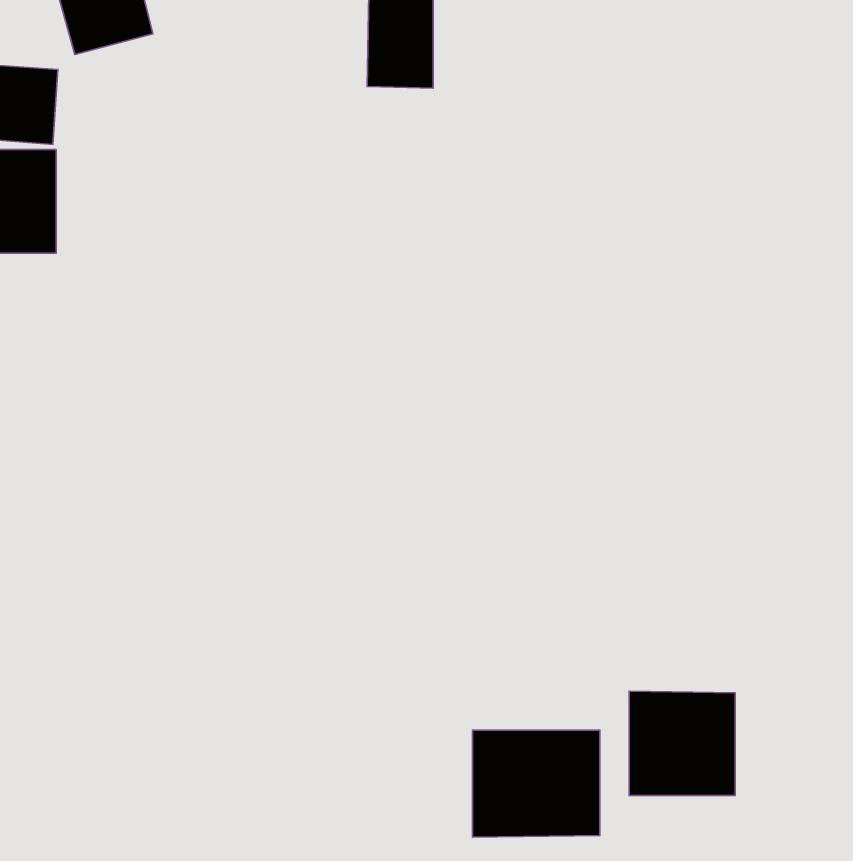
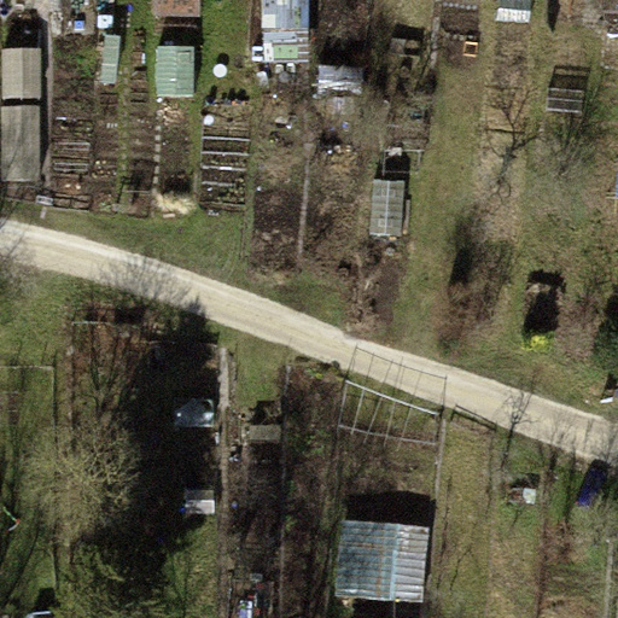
building: [629,691,735,795] -> none

